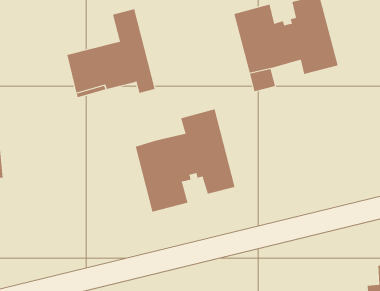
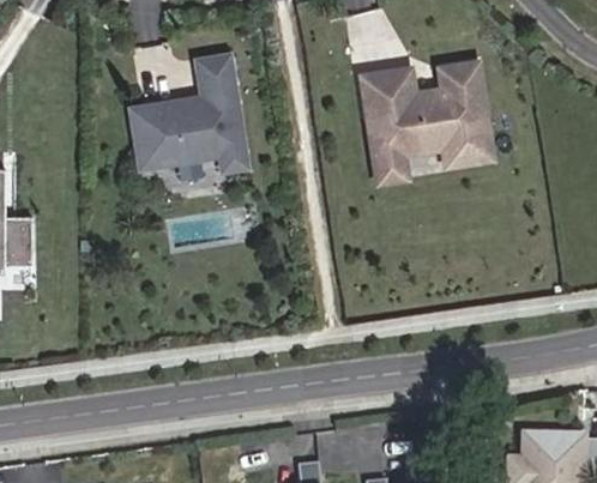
building: [135,108,235,212] -> none

